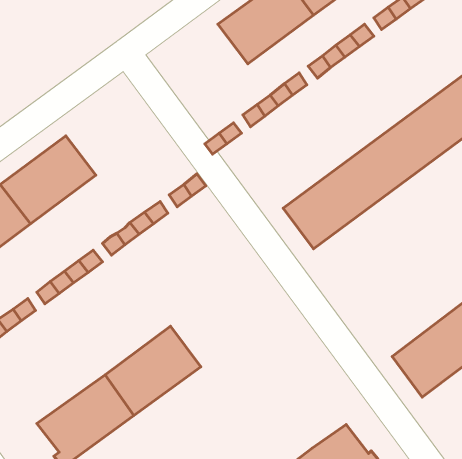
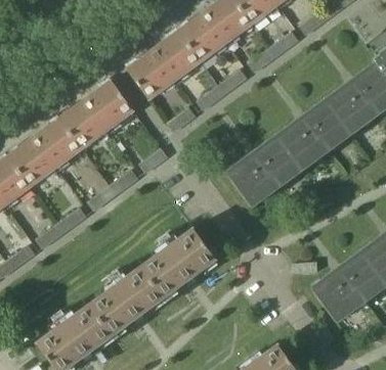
building: none -> [126,31,201,99]
building: none -> [58,80,133,148]
building: none -> [140,227,217,297]

